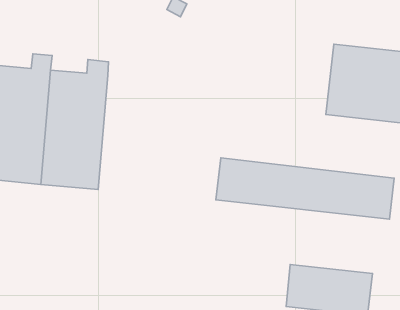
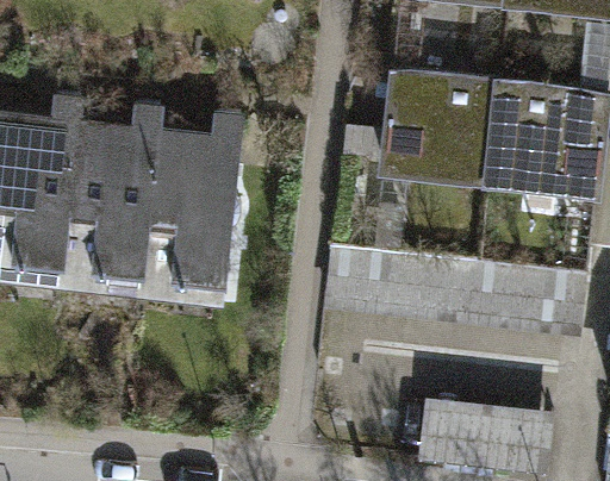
building: none -> [381,67,496,182]
building: none -> [148,111,245,300]

